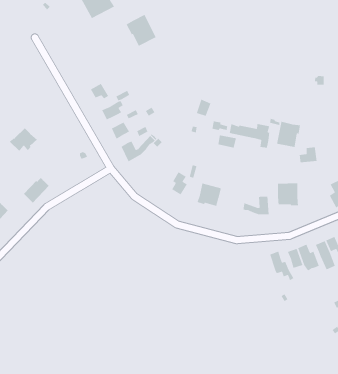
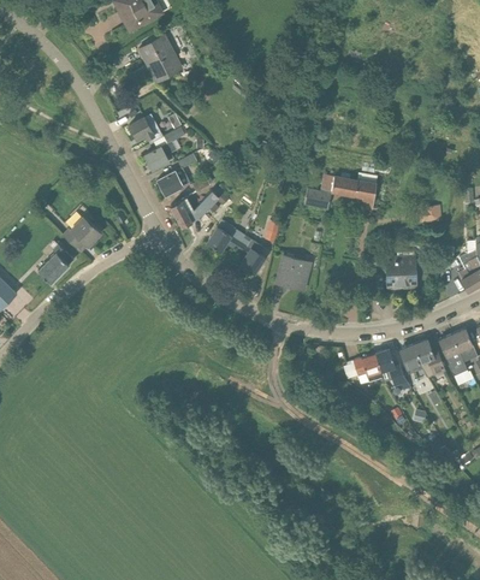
building: [125,14,157,47] -> [138,35,182,81]
building: [276,121,301,148] -> none
building: [9,127,38,152] -> [61,215,101,249]
building: none -> [207,220,250,254]
building: [243,196,270,215] -> none
building: none -> [352,354,383,381]

